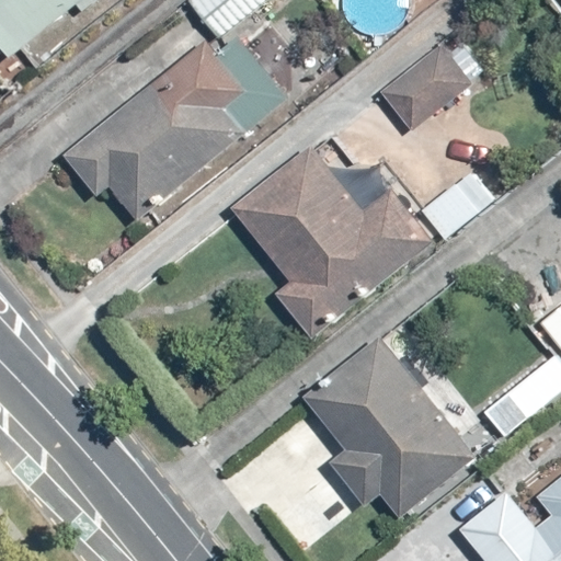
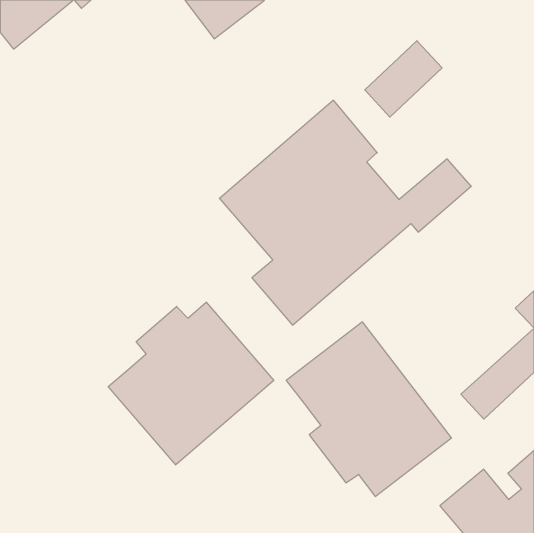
building: [66,39,254,220] -> none
building: none -> [108,302,274,465]

